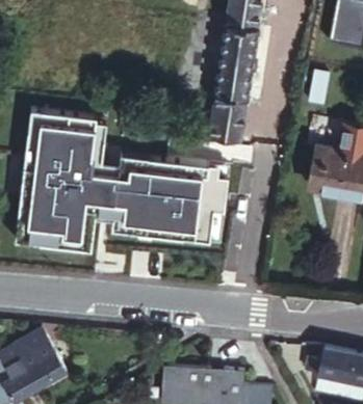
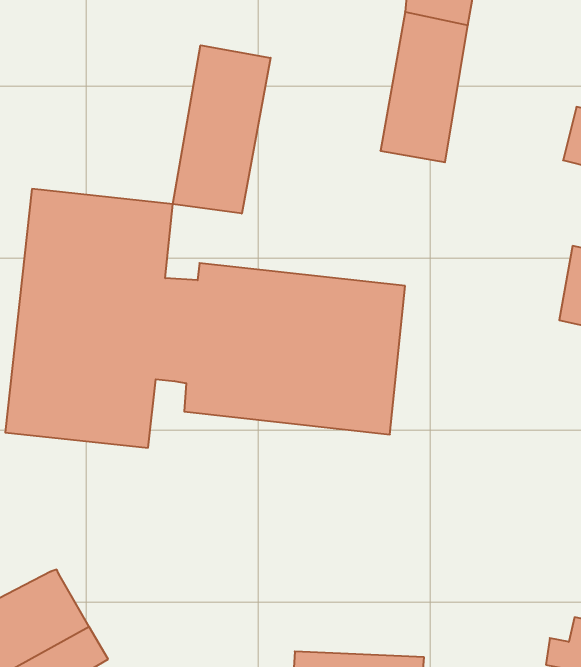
building: none -> [173,45,271,214]
building: [208,92,252,140] -> none

